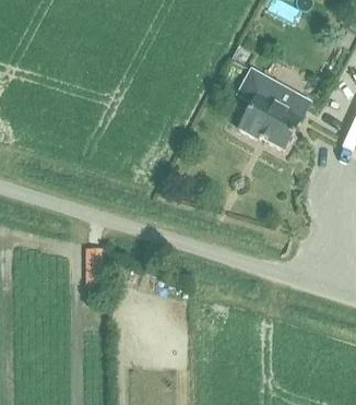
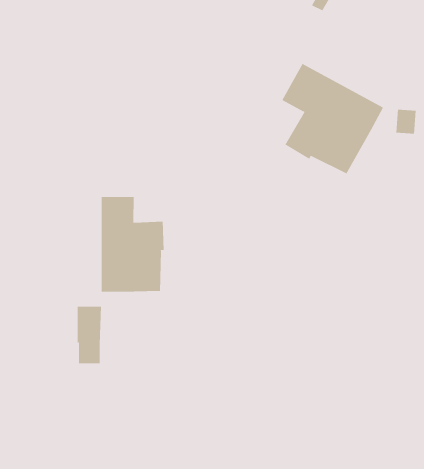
building: none -> [101,196,164,292]

